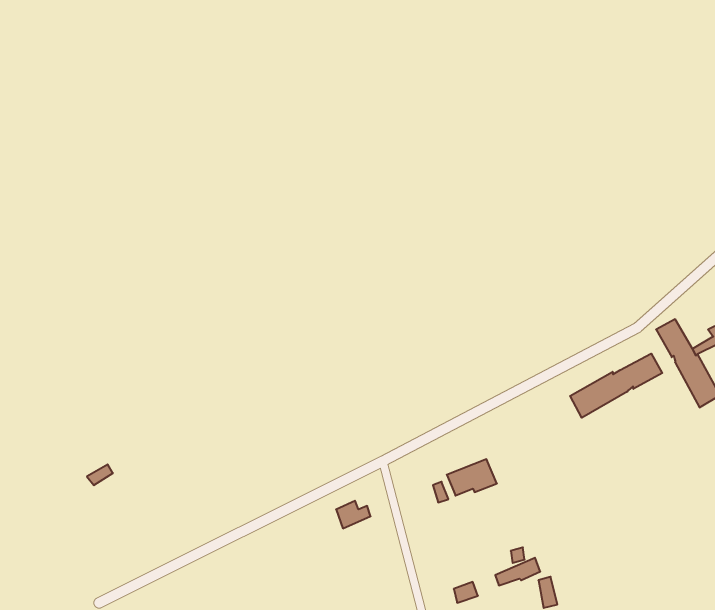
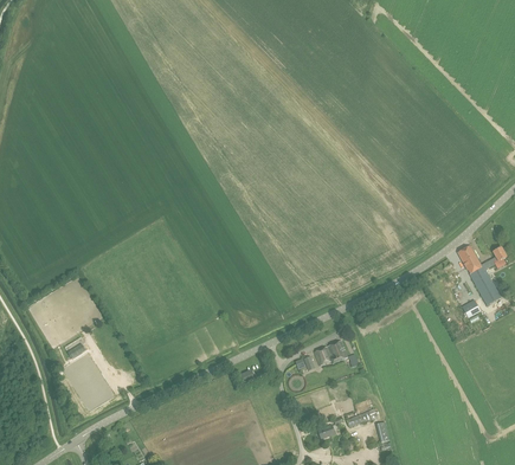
building: [570,354,662,418] -> none

